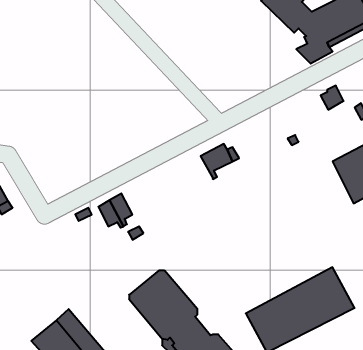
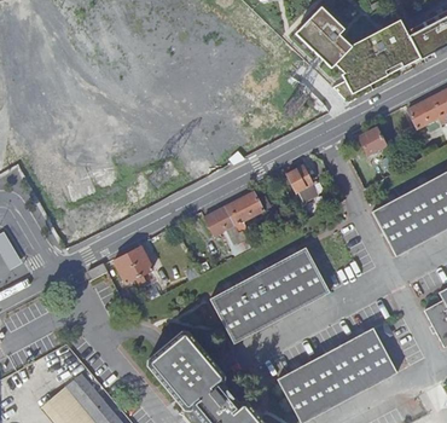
building: none -> [286,167,314,220]
building: none -> [205,204,251,253]
building: none -> [210,245,330,341]

